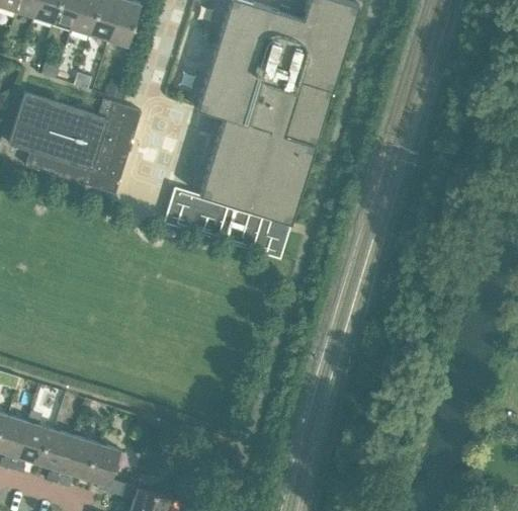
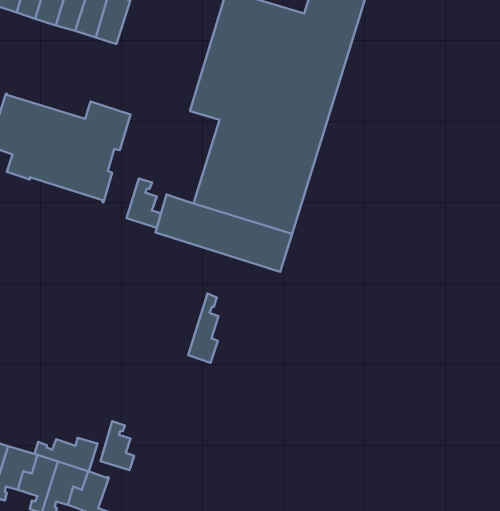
building: none -> [126,178,161,228]
building: none -> [188,294,219,363]
building: none -> [101,421,134,470]
building: none -> [34,438,98,471]

